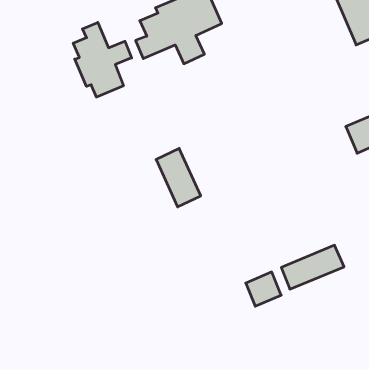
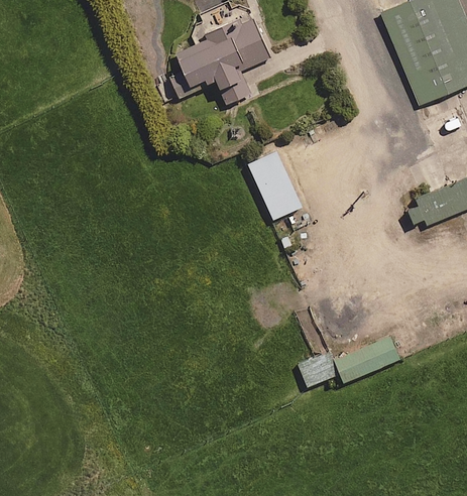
building: [73,22,132,97] -> none
building: [156,148,201,207] -> [249,153,302,222]

